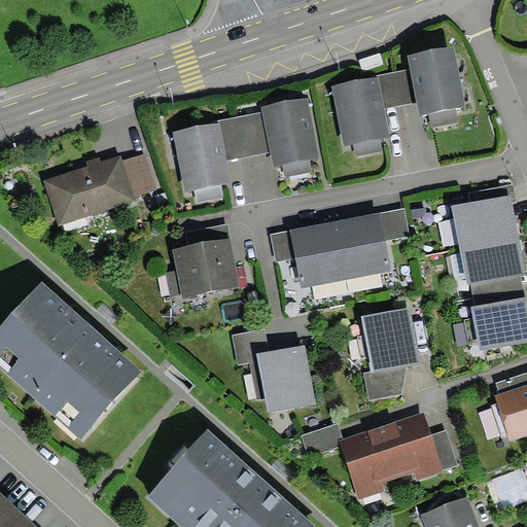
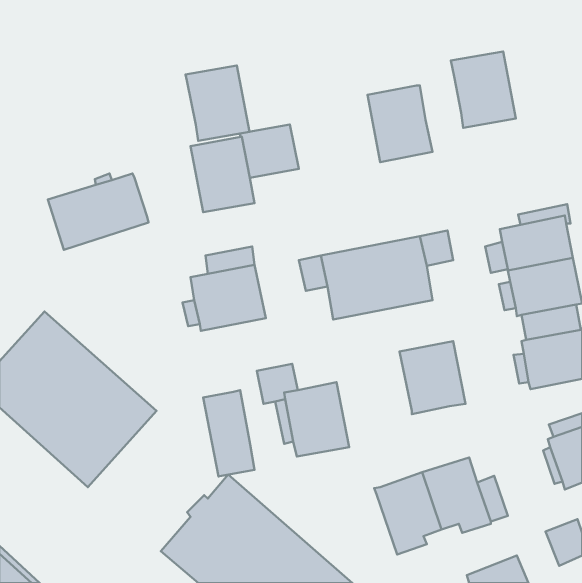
building: [376,69,416,108] -> none
building: [260,99,318,167] -> [186,66,249,141]
building: [121,153,155,196] -> none
building: none -> [203,390,255,477]
building: [362,366,406,399] -> none
building: [301,424,343,456] -> none

